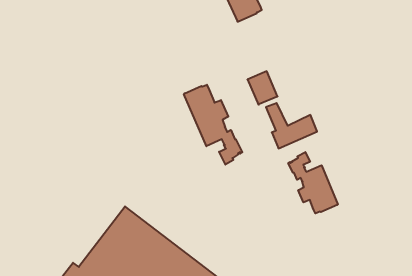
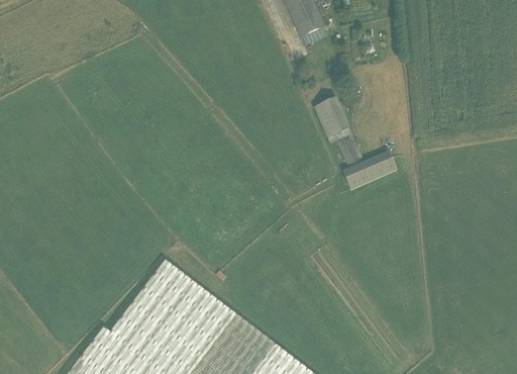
building: [184,85,242,165] -> none
building: [288,152,338,213] -> none

